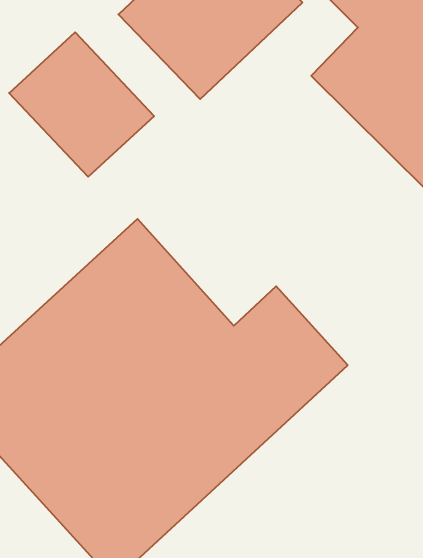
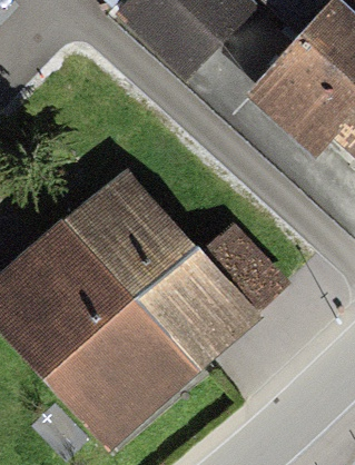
building: [9,32,154,177] -> none

